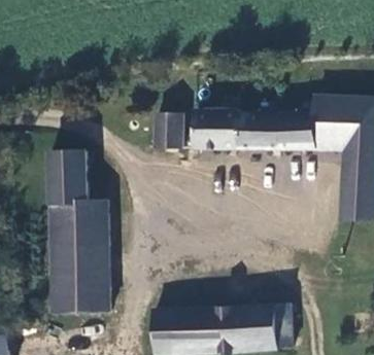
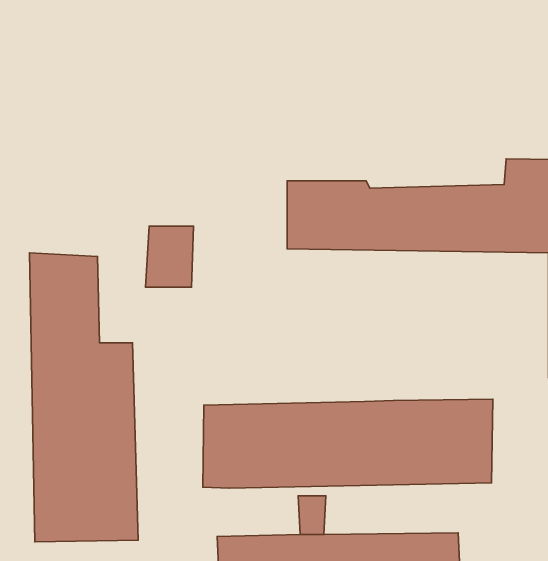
building: [152,115,179,149] -> [146,226,193,287]
building: none -> [203,399,493,488]

